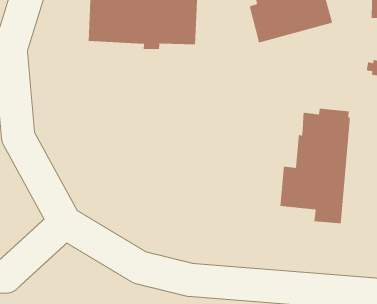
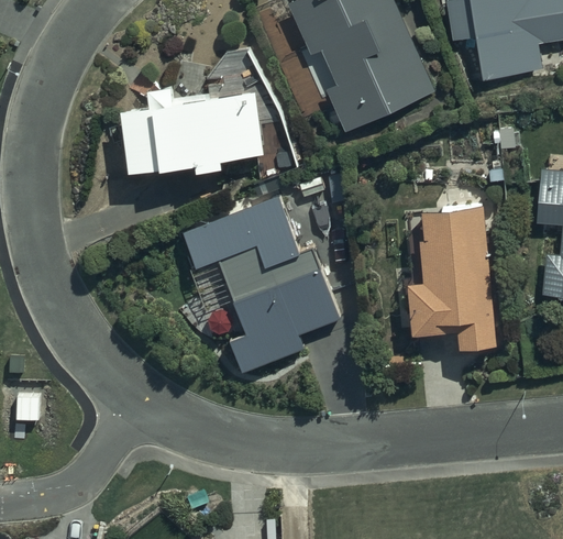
building: none -> [180,193,336,372]

